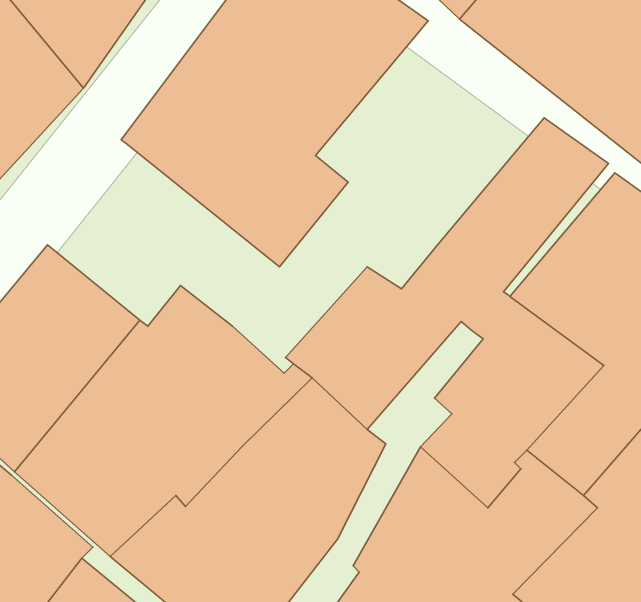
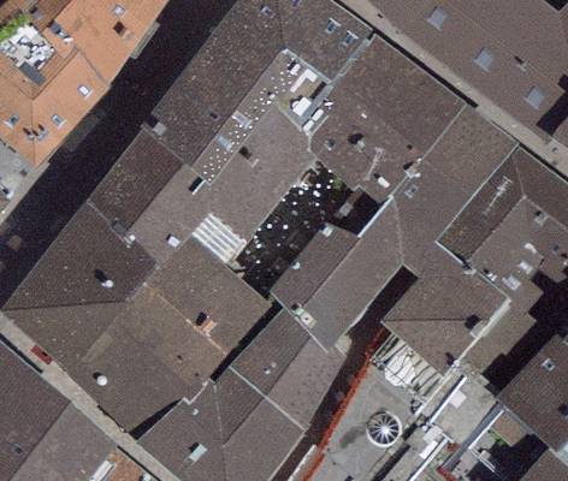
building: none -> [290,30,466,203]
building: none -> [84,125,262,265]

